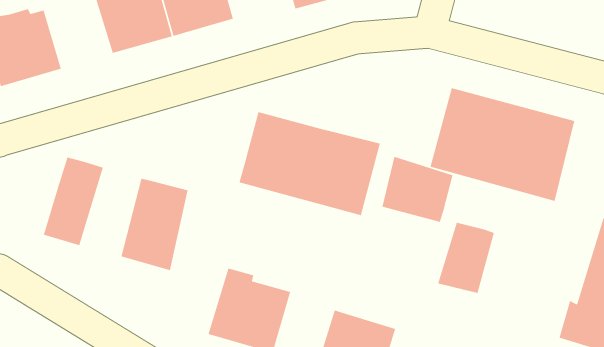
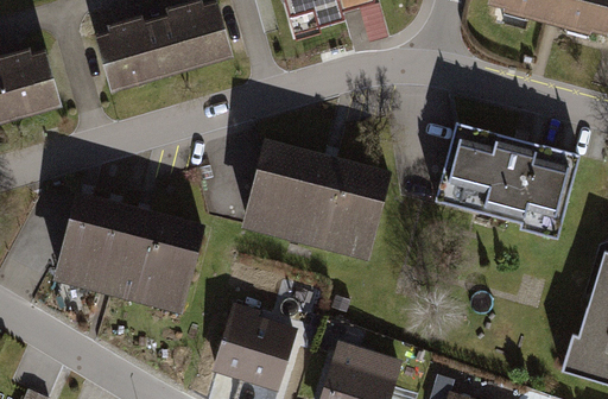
building: [381,156,453,223] -> none
building: none -> [84,203,145,292]
building: [437,222,495,294] -> none

